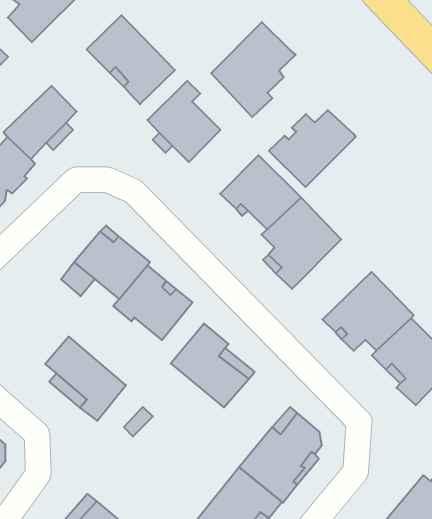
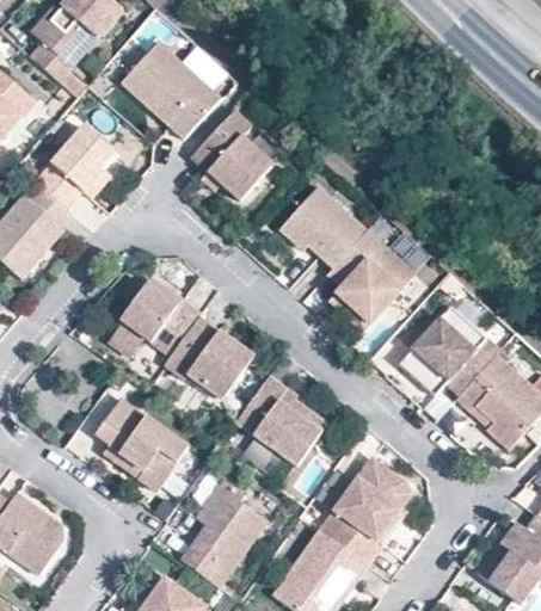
building: [211,22,296,117] -> none
building: [269,110,356,187] -> none
building: none -> [182,479,270,588]

